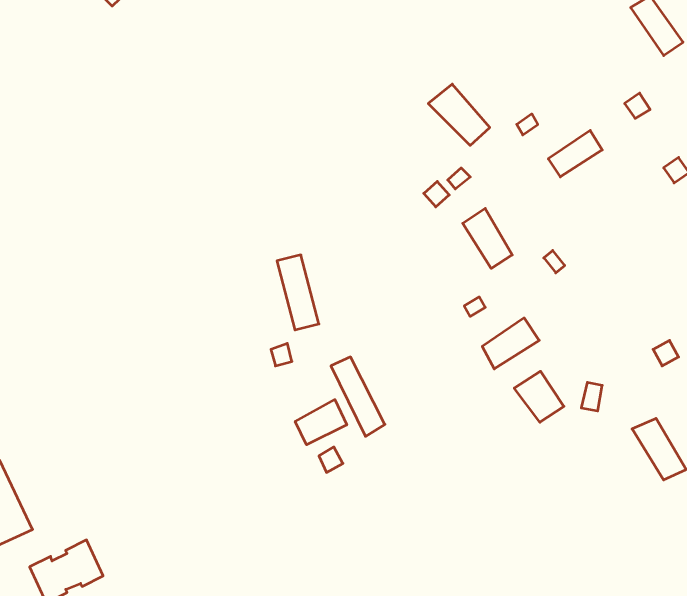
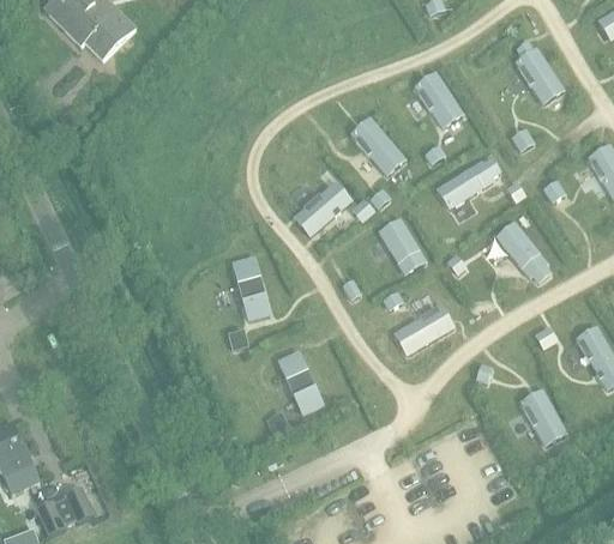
building: none -> [416,73,458,123]
building: none -> [299,186,344,230]
building: none -> [496,226,537,271]
building: [514,371,564,422] -> none
building: [295,400,347,445] -> none

